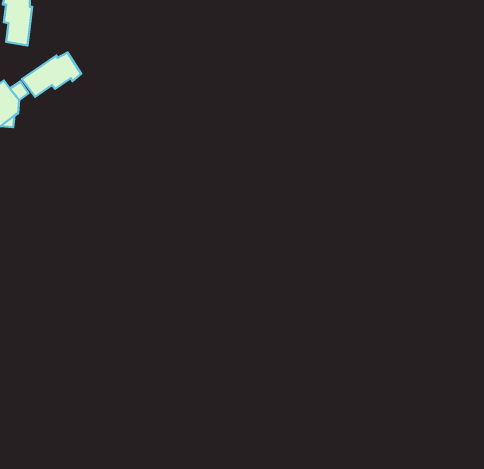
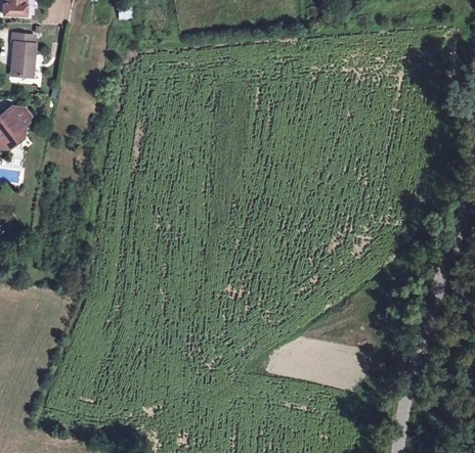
building: [22,53,81,97] -> none

